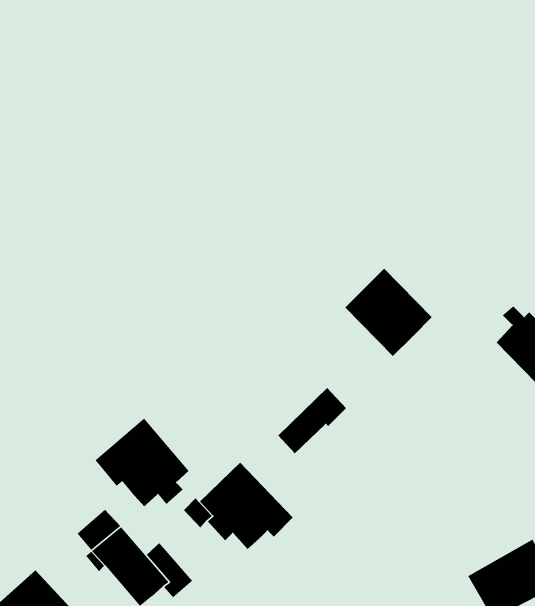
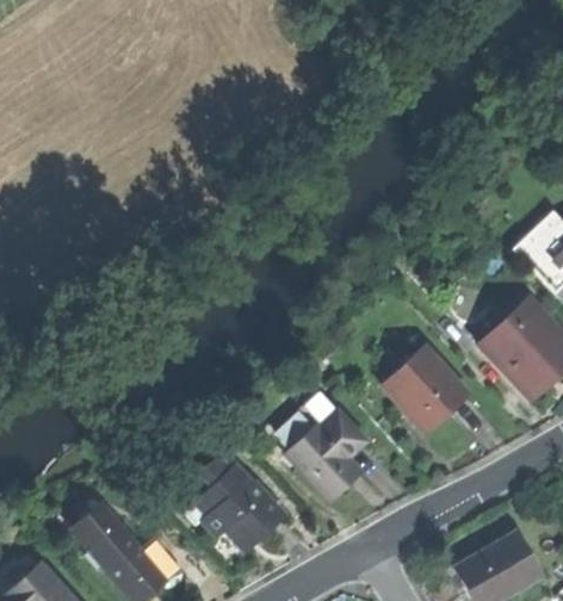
building: [345,268,433,357] -> [381,347,465,433]
building: none -> [287,409,367,498]
building: [94,418,189,507] -> none

